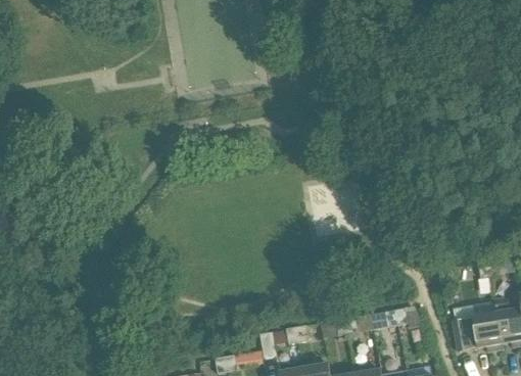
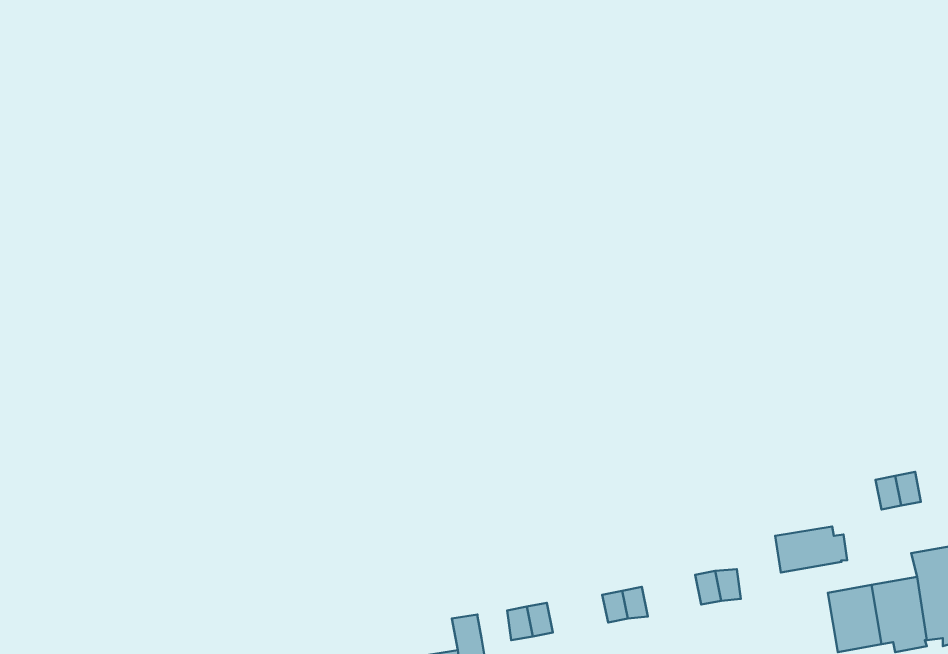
building: none -> [775,526,847,573]

